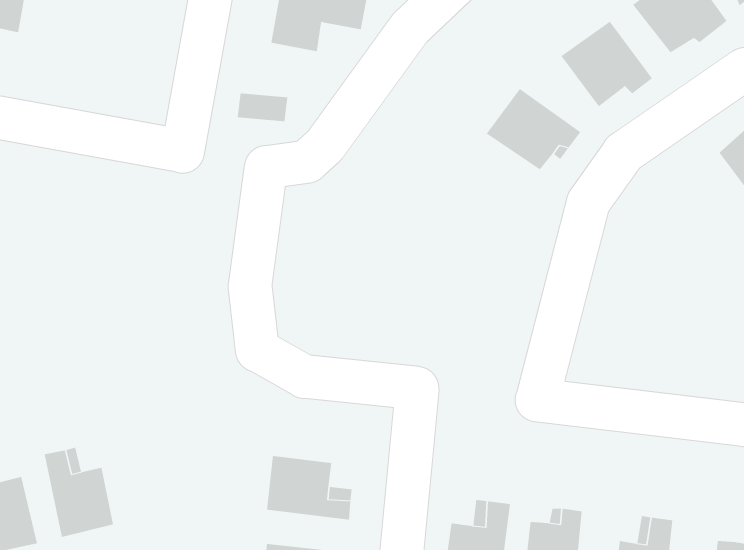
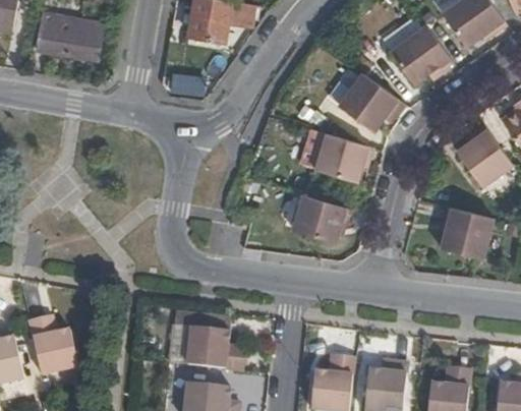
building: none -> [38,15,103,59]
building: none -> [455,122,511,185]
building: none -> [314,129,370,178]
building: none -> [292,191,346,239]
building: none -> [439,203,495,257]

